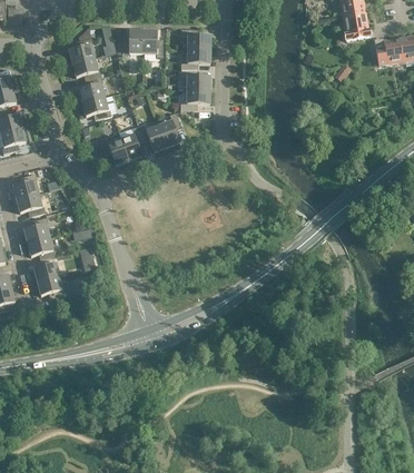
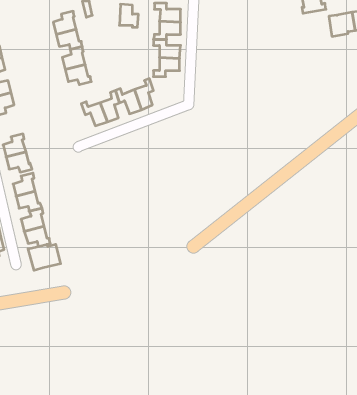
building: [116,29,142,53] -> none
building: none -> [28,244,61,270]

